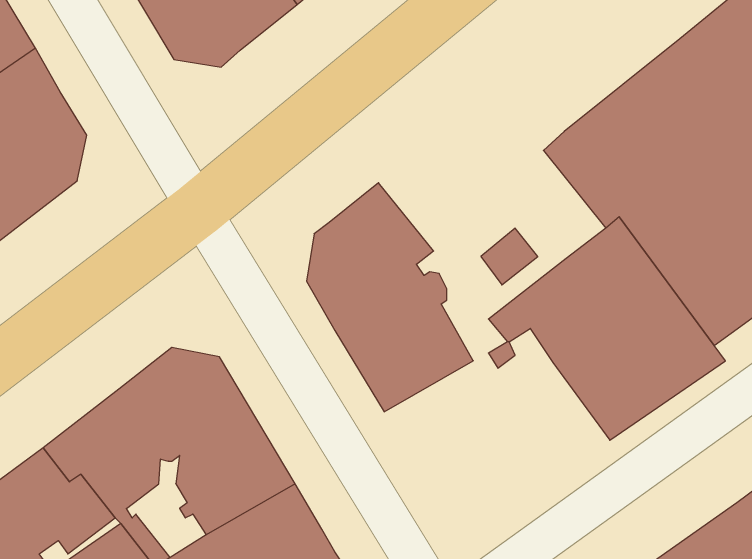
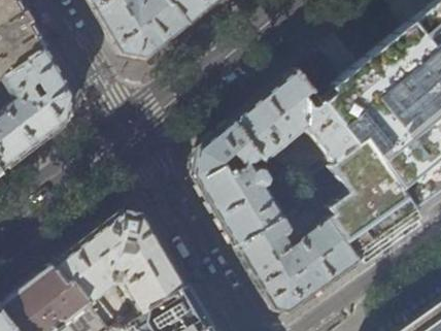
building: none -> [233,70,357,162]
building: none -> [236,218,359,311]

